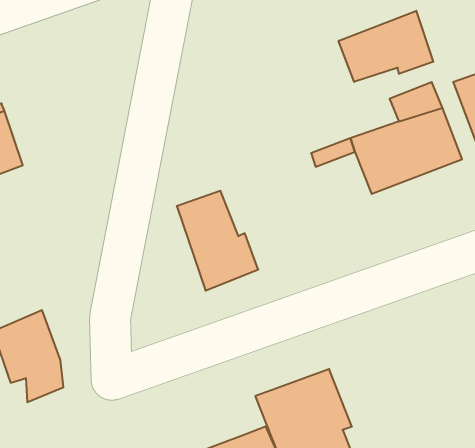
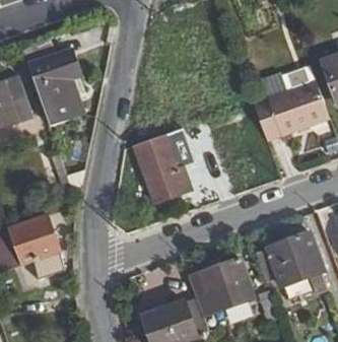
building: [339,11,433,82] -> none
building: none -> [26,46,85,126]
building: none -> [255,229,328,290]

